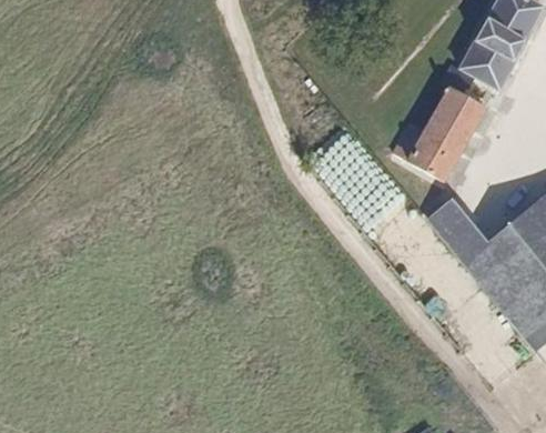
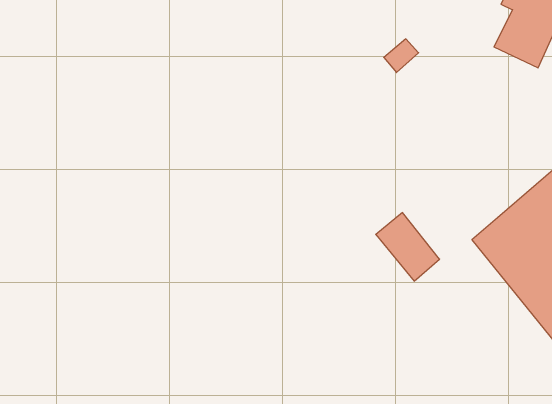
building: [417,91,503,181] -> none
building: [418,188,479,253] -> [376,213,440,281]

